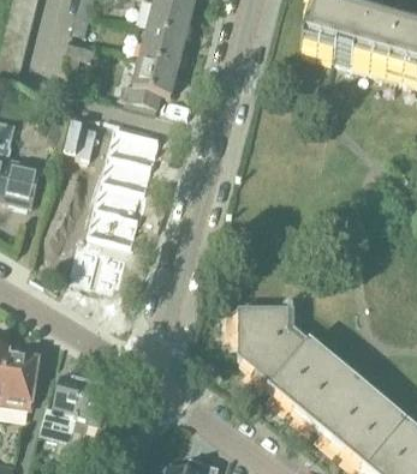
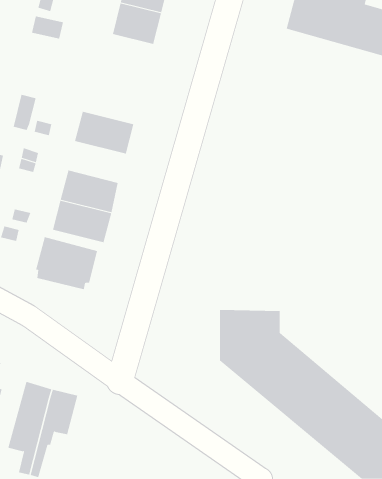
building: [120,55,179,107] -> none
building: [100,154,154,192] -> none

